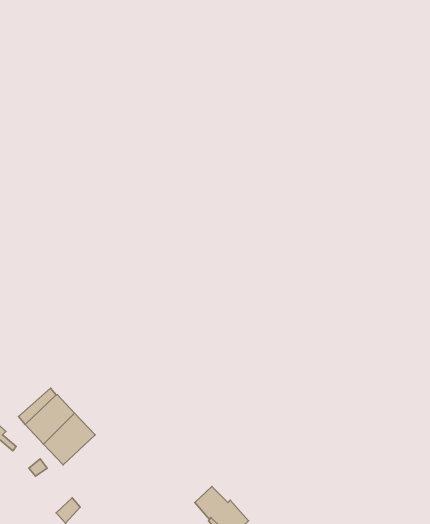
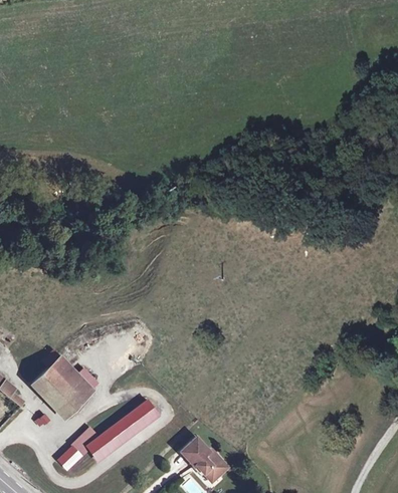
building: none -> [86,400,158,459]

